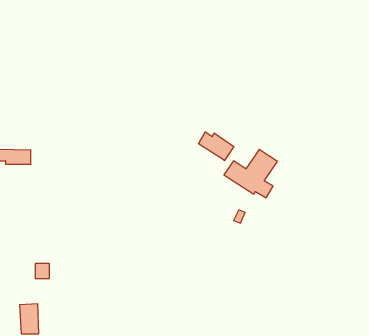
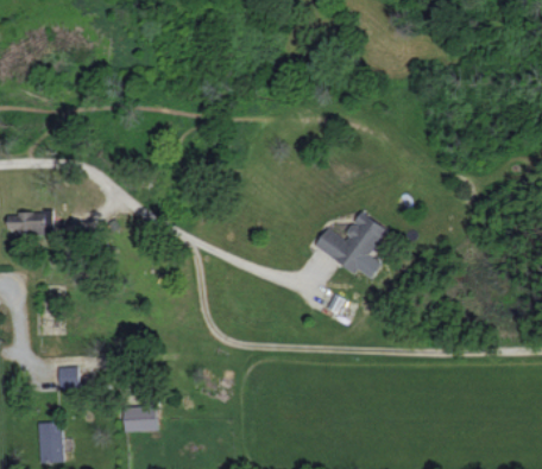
building: [199,132,234,161] -> none
building: none -> [124,406,156,431]

